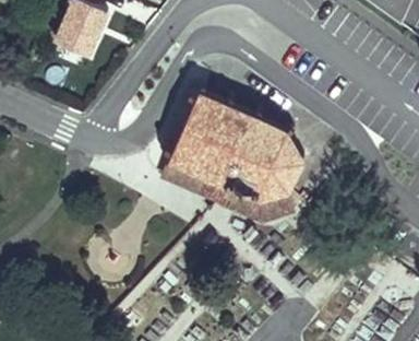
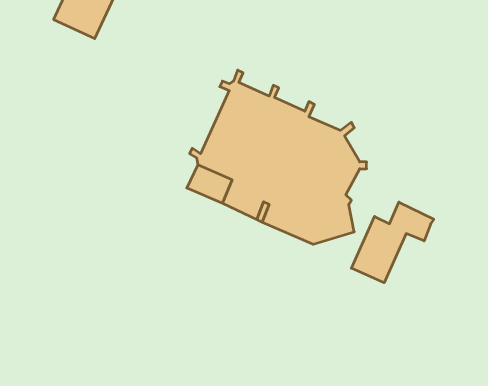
building: none -> [351,202,434,283]

